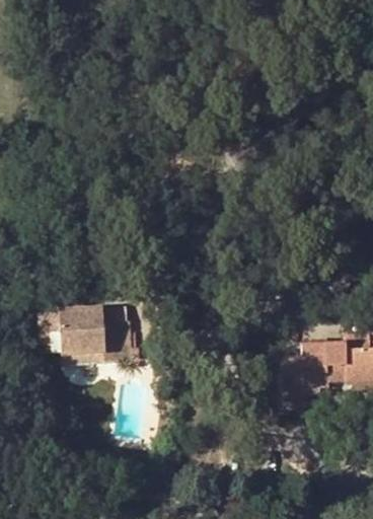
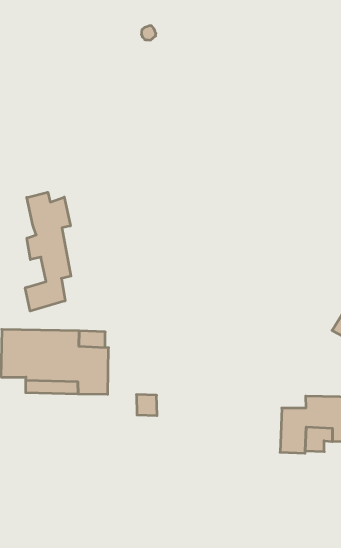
building: none -> [25,192,71,311]

